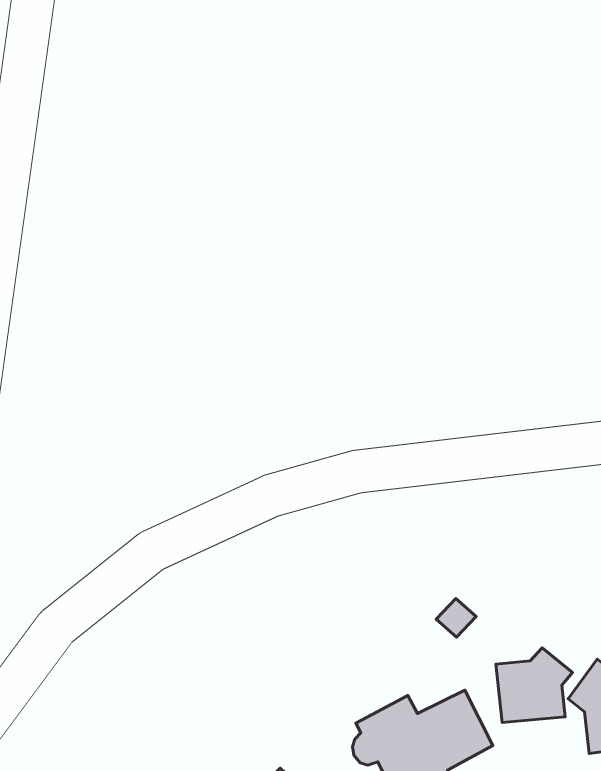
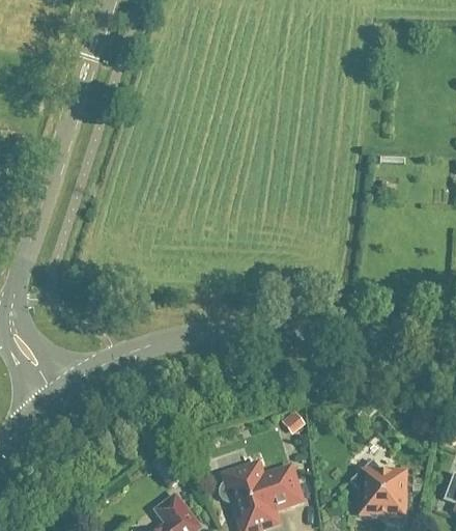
building: [496,648,572,723] -> none

